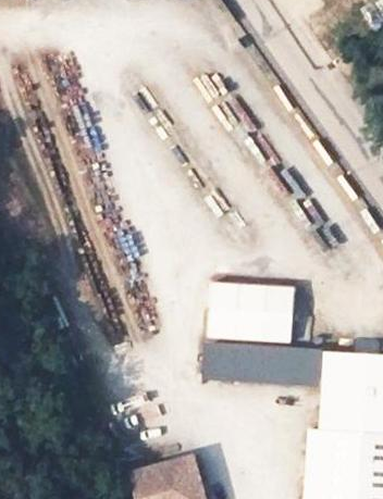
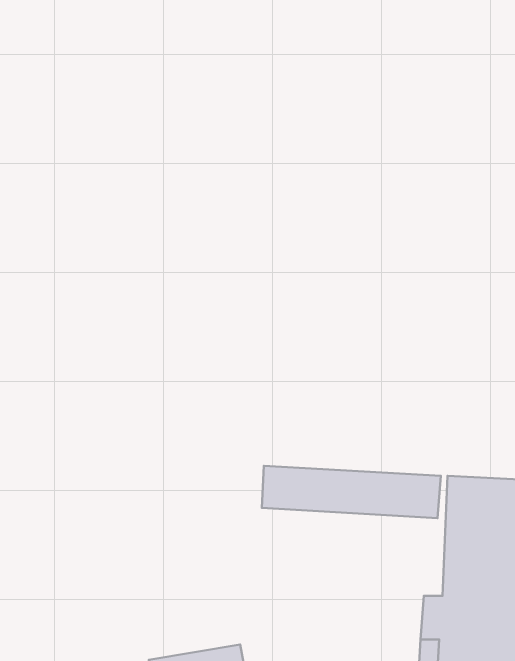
building: [208,284,293,345] -> none

